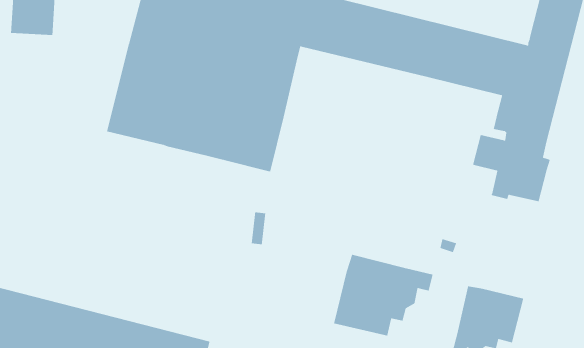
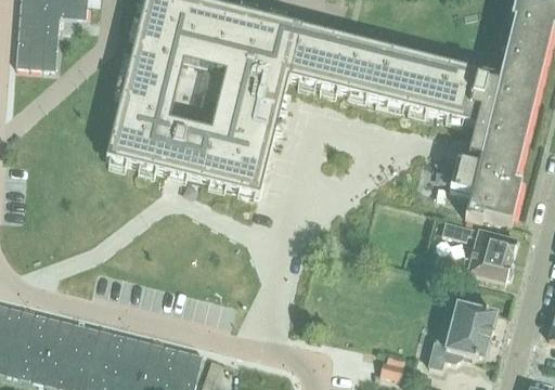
building: none -> [442,220,517,281]
building: [333,254,433,336] -> none

